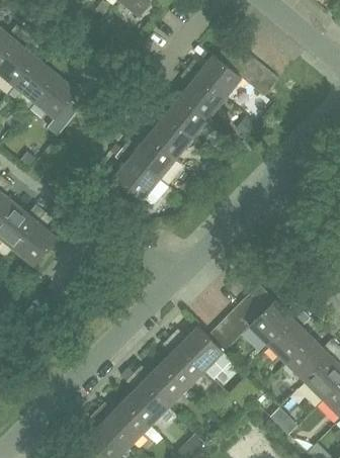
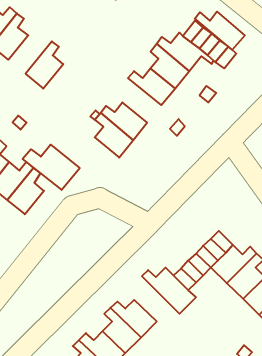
building: none -> [195,12,245,50]
building: [14,59,65,103] -> none
building: [146,108,191,160] -> none
building: none -> [23,145,80,190]
building: [160,338,203,390] -> none

